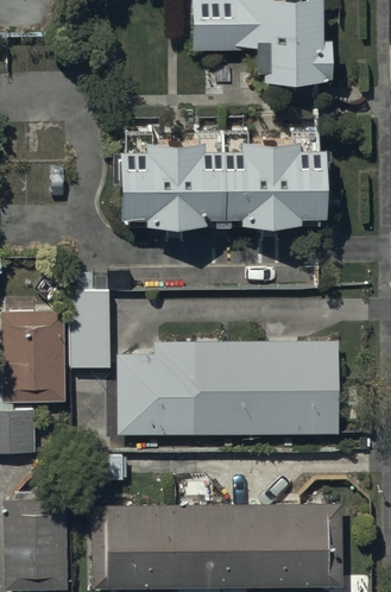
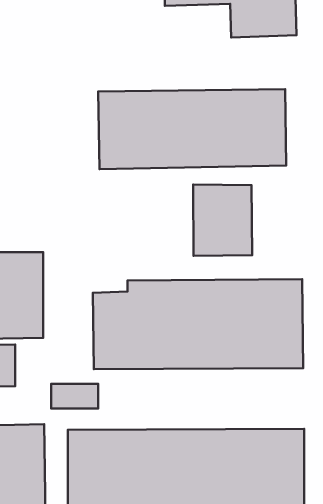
building: none -> [193,185,252,256]
building: [68,286,108,363] -> none

